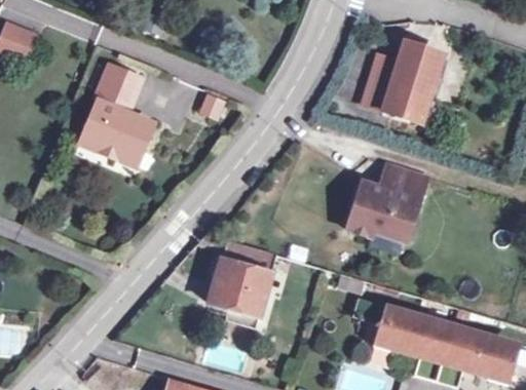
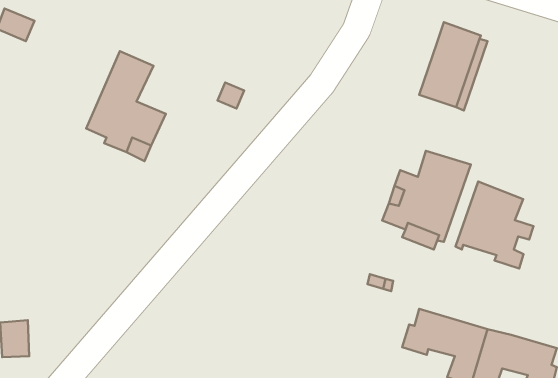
building: [363,54,401,110] -> none
building: none -> [456,182,534,269]
building: [196,233,275,325] -> none

